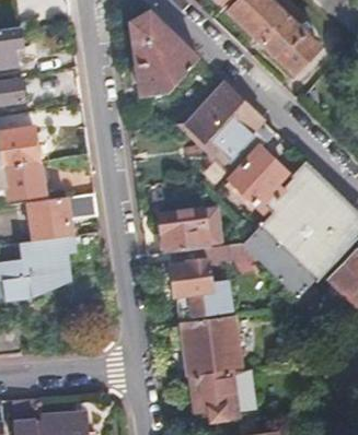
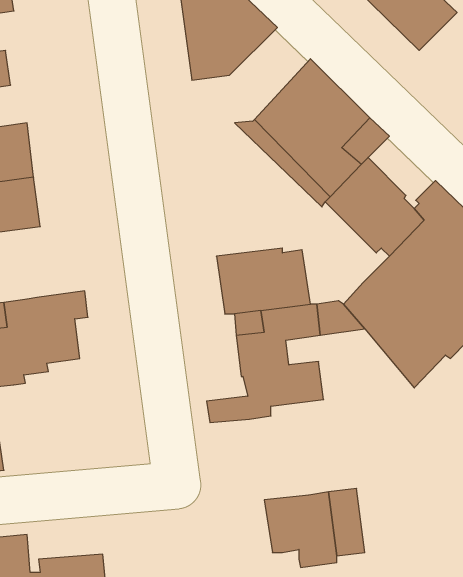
building: [28,195,97,242] -> none
building: [155,315,242,375] -> none

